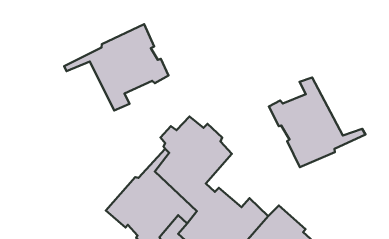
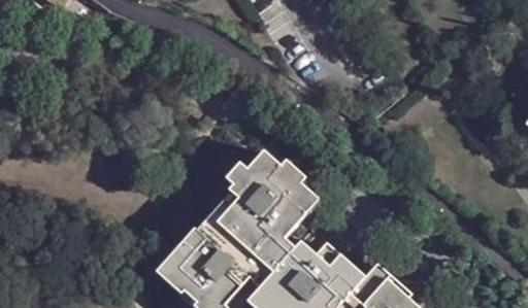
building: [64,24,169,110] -> none
building: [269,77,365,167] -> none

